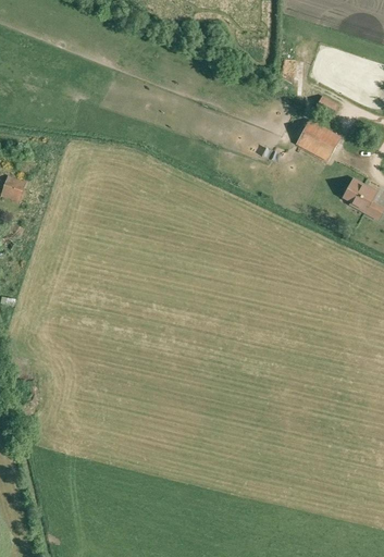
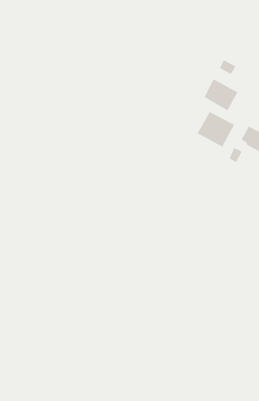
building: none -> [197,111,235,147]

